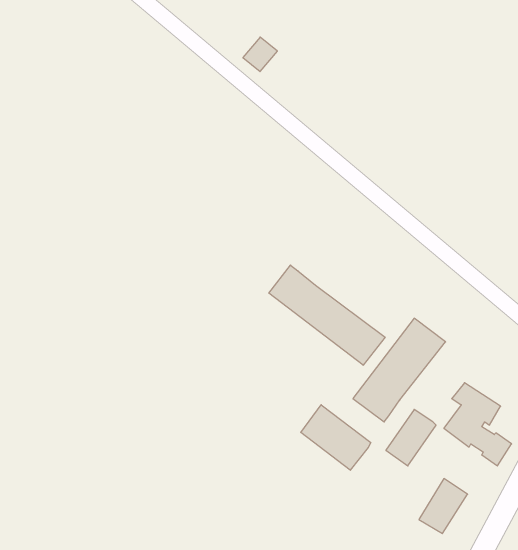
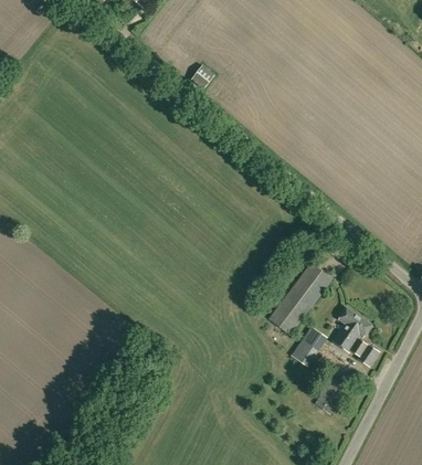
building: [269,265,385,365] -> none
building: [301,405,371,470] -> none

